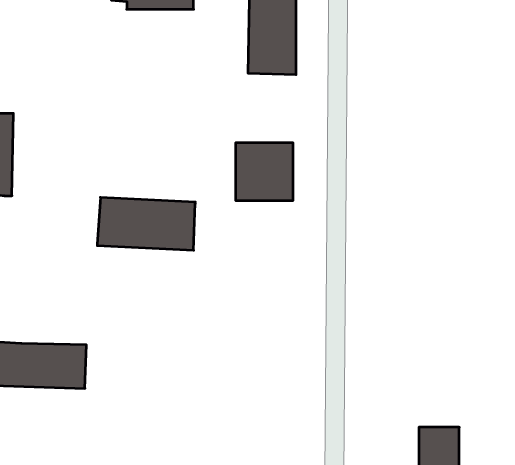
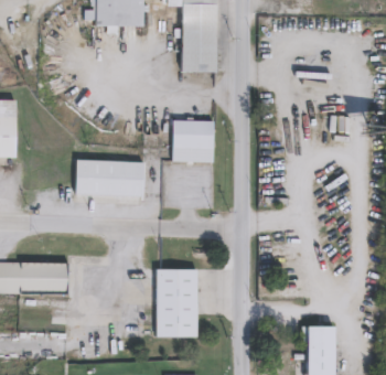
building: none -> [157,269,197,338]

